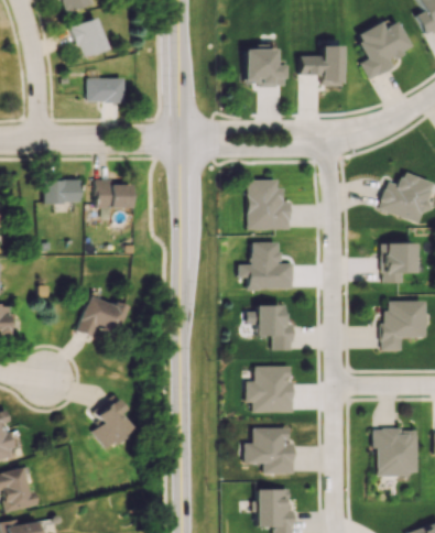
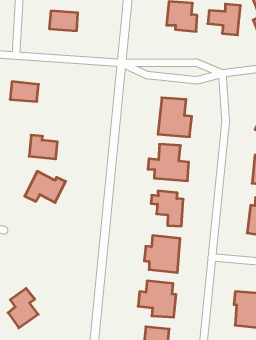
building: [97,178,133,207] -> [29,135,57,159]
building: [91,394,132,448] -> [8,288,38,328]

